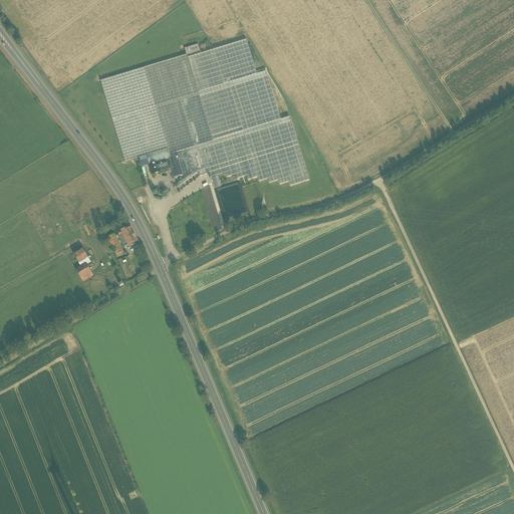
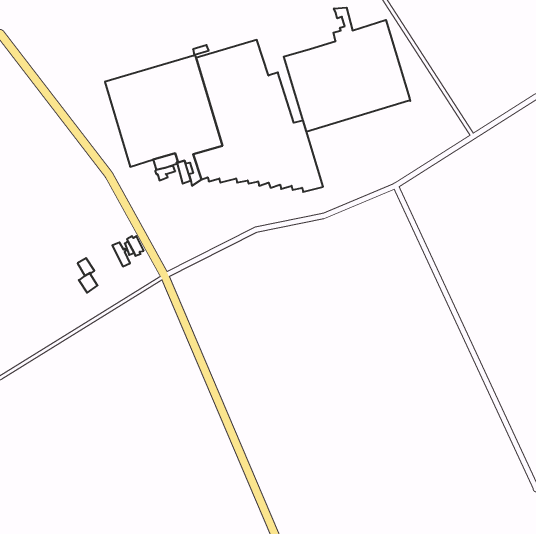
building: none -> [284,8,410,132]

